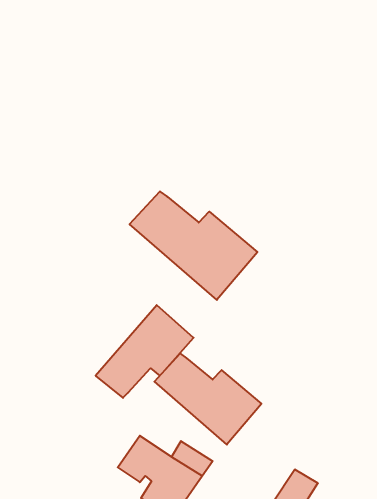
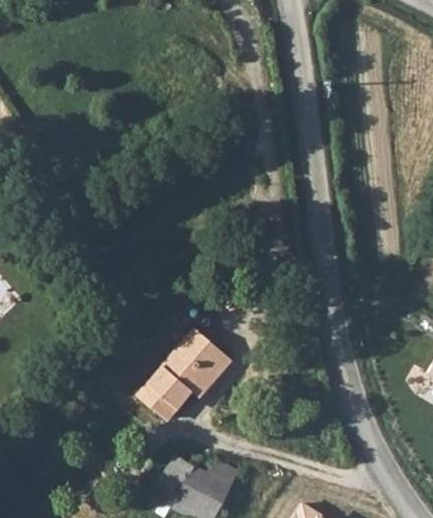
building: [130,191,257,300] -> none
building: [154,354,261,445] -> none

